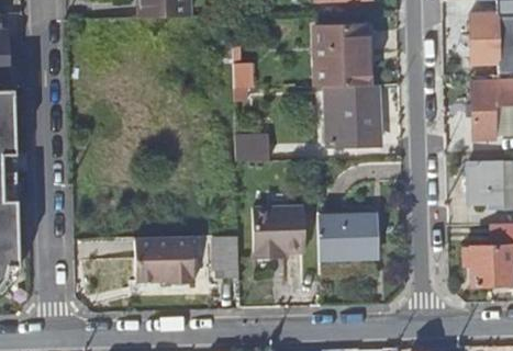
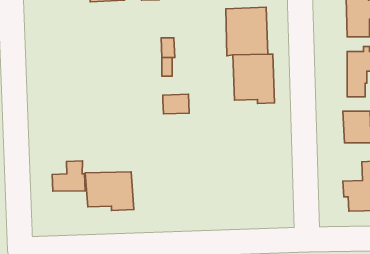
building: [255,206,309,261] -> none
building: [321,216,380,259] -> none
building: none -> [52,161,85,191]
building: [213,236,239,278] -> none

